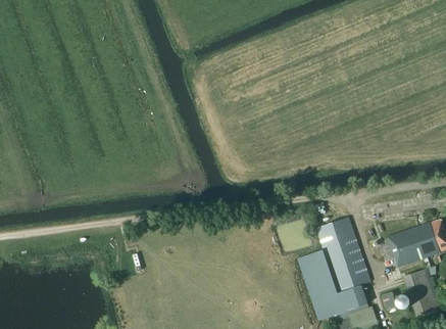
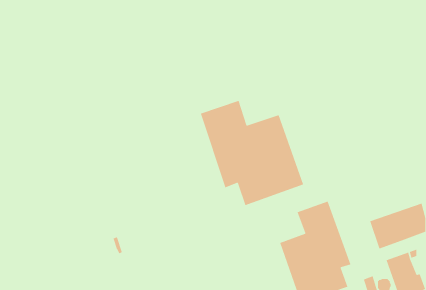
building: none -> [200,100,304,206]

